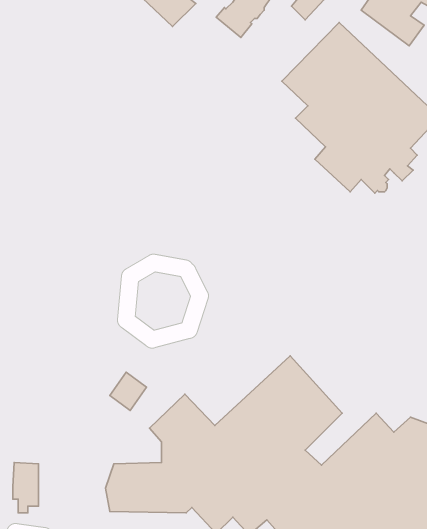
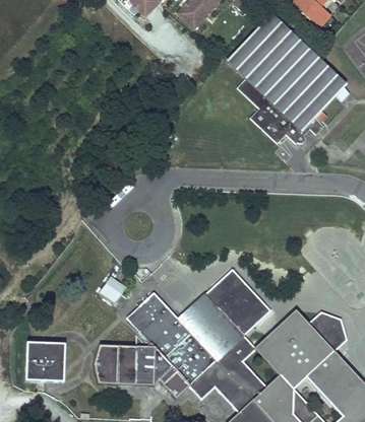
building: none -> [44,345,63,382]

